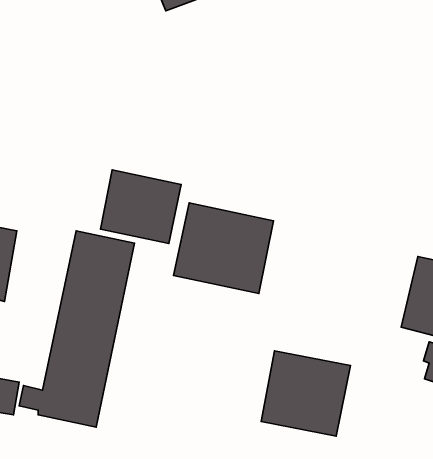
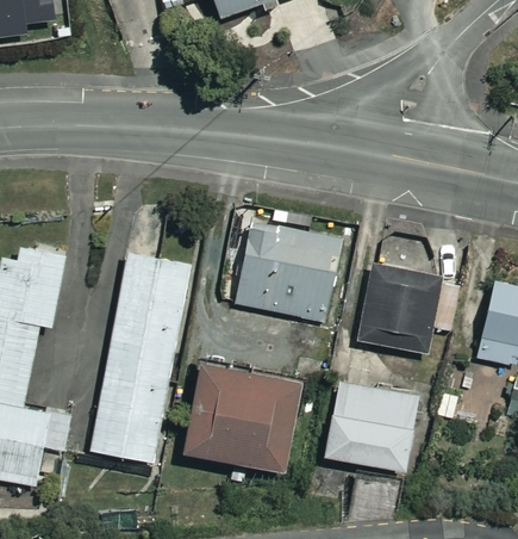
building: [101,170,181,244] -> none
building: none -> [355,264,441,354]
building: none -> [186,364,304,473]

